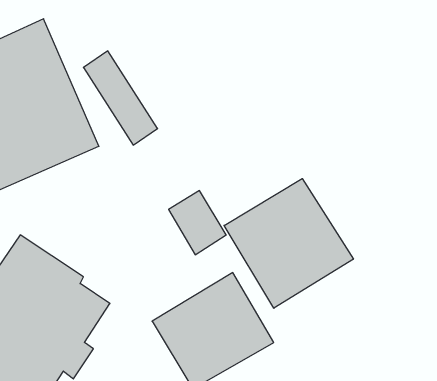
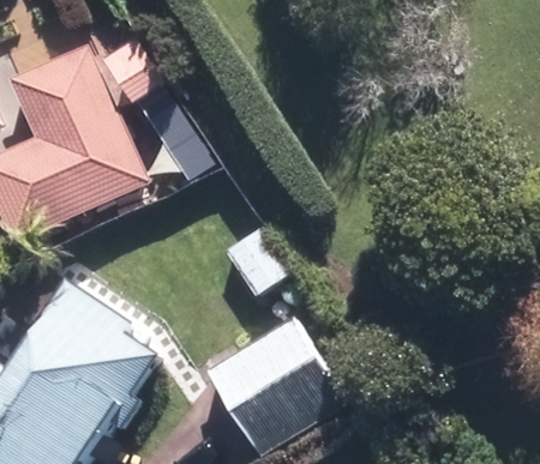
building: [224,179,353,308] -> none

